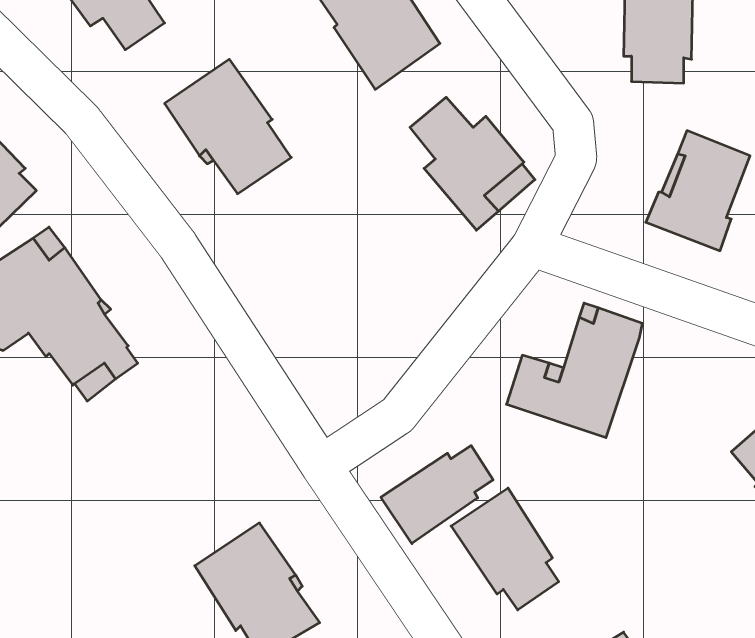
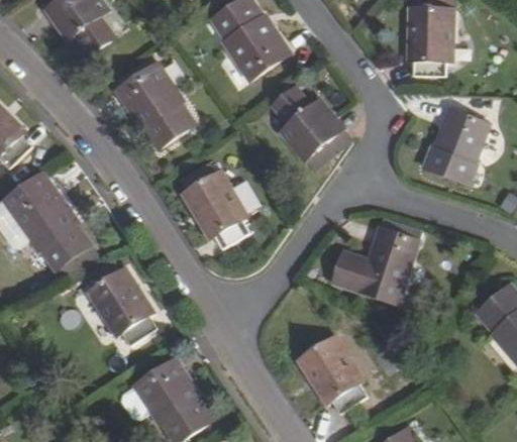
building: none -> [180,160,249,248]
building: none -> [84,258,158,345]
building: [381,446,493,544] -> none

